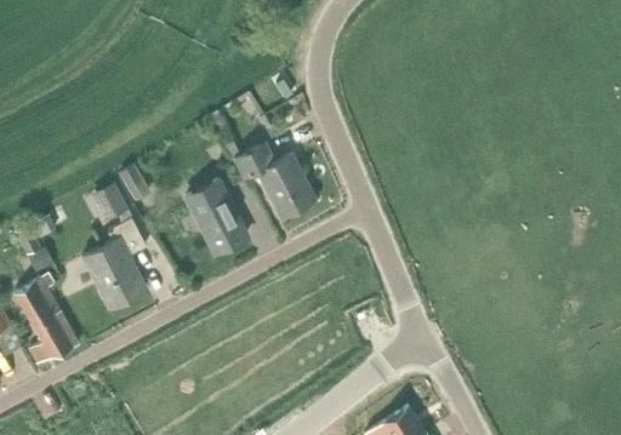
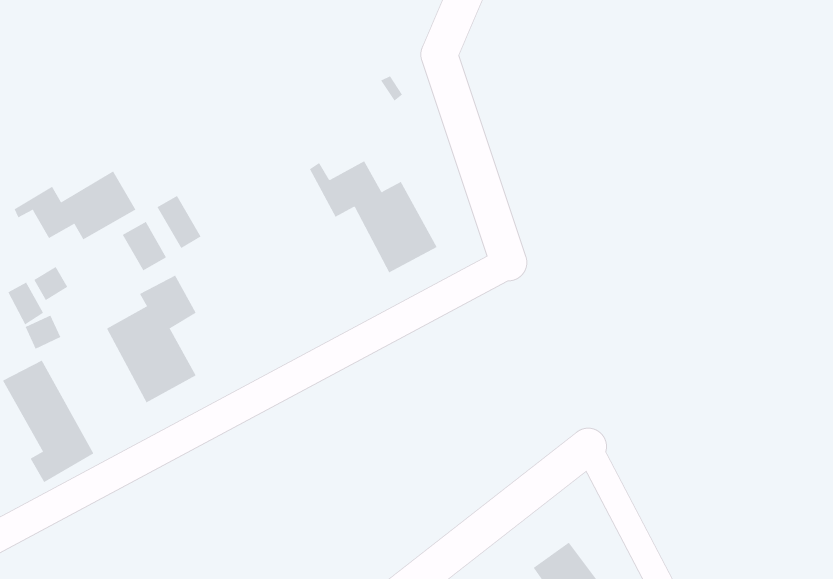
building: none -> [14,170,136,240]
building: [187,179,247,252] -> none

